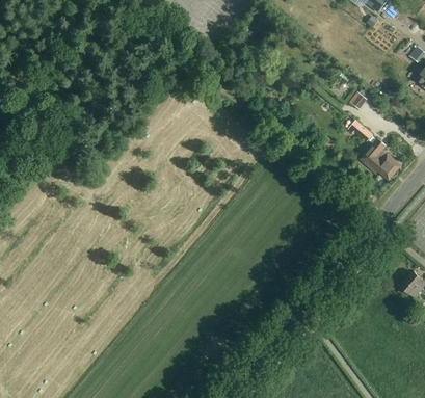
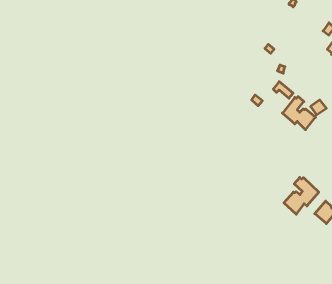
building: none -> [284,177,319,214]

